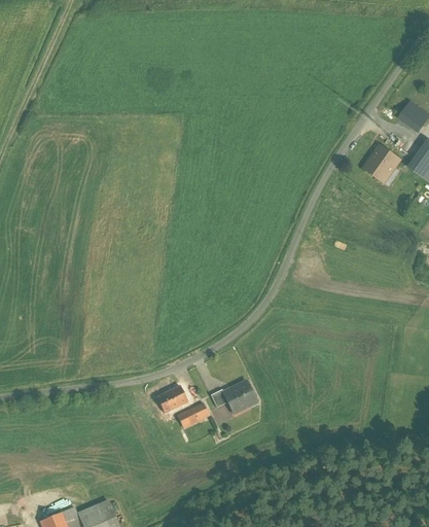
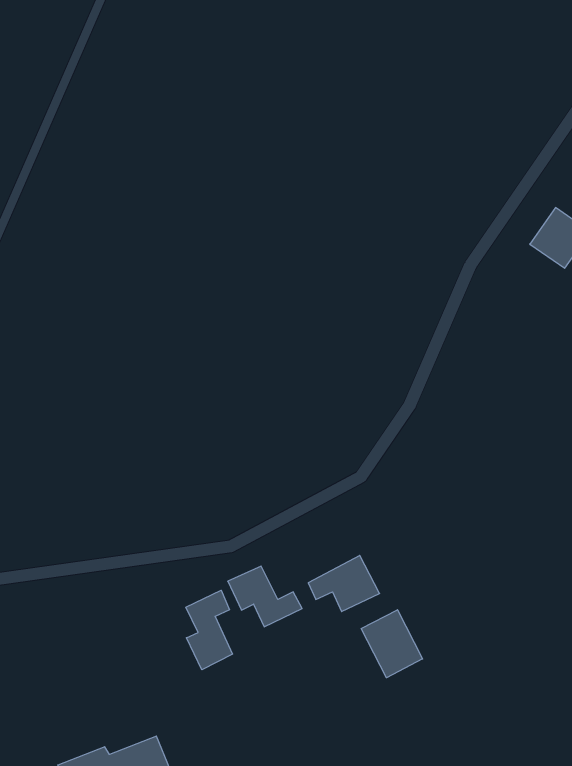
building: none -> [186,590,233,670]
building: none -> [361,610,423,678]

